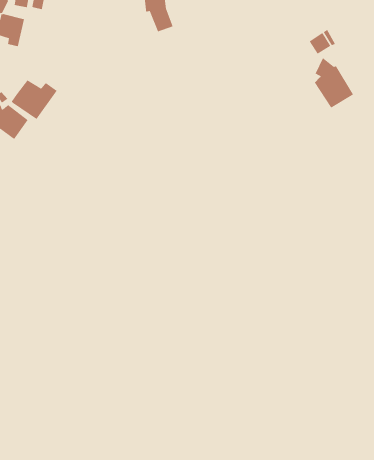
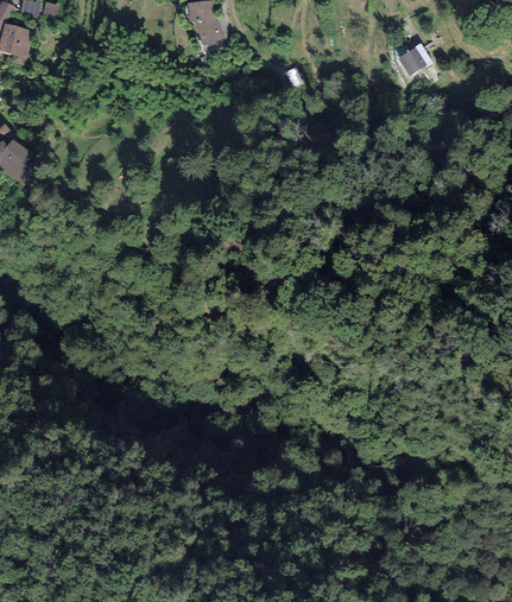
building: [314,57,354,109] -> none
building: [11,79,58,120] -> none

